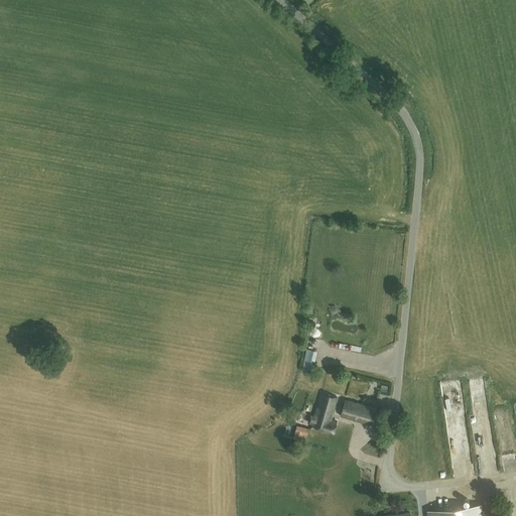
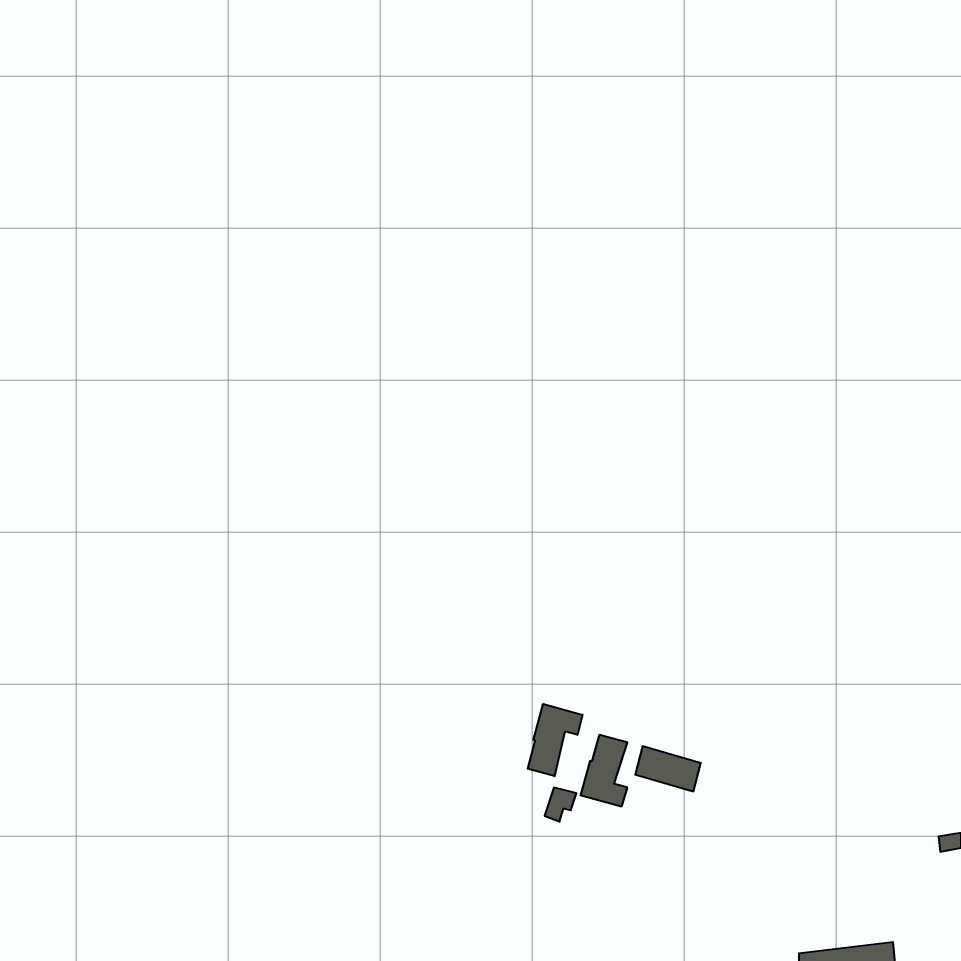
building: none -> [528,704,583,776]

